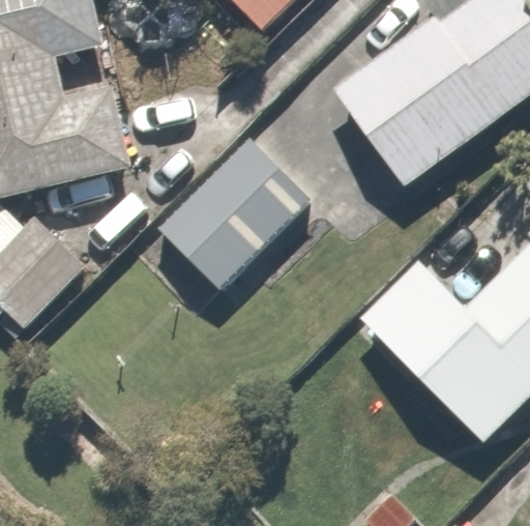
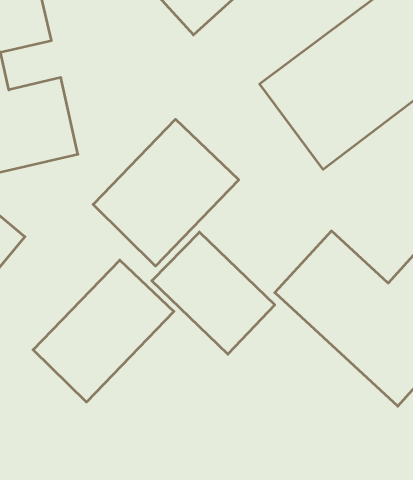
building: none -> [152,232,275,354]
building: none -> [33,260,174,402]

